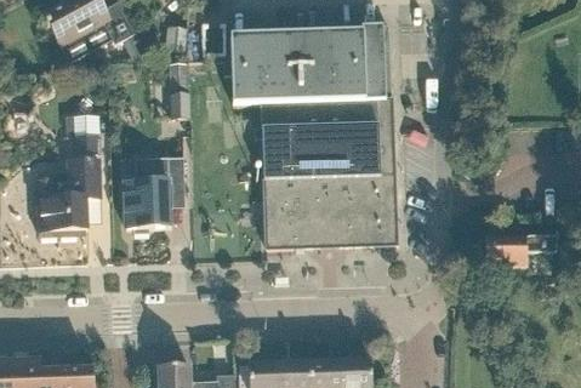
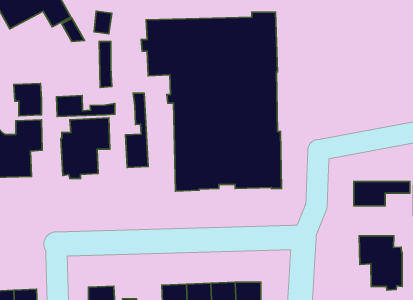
building: none -> [125,93,148,168]
building: none -> [56,96,115,117]
building: none -> [359,236,402,290]

